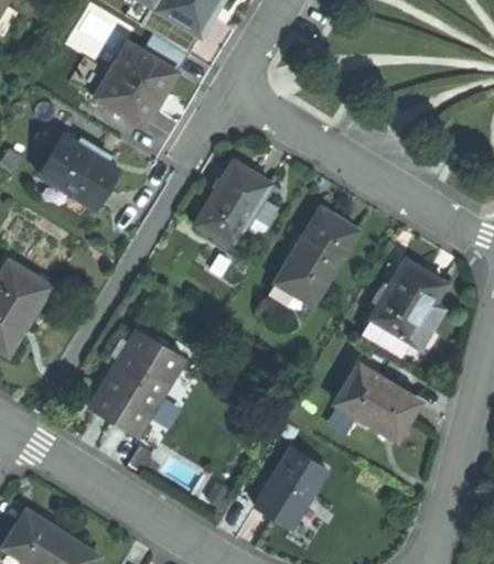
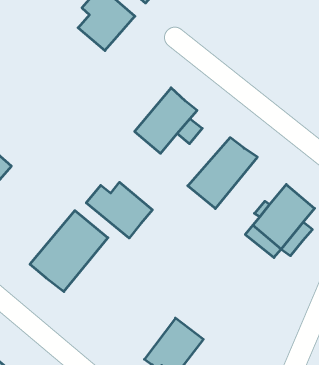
building: [37,134,115,205] -> none
building: none -> [86,182,152,238]
building: [334,361,419,436] -> none

